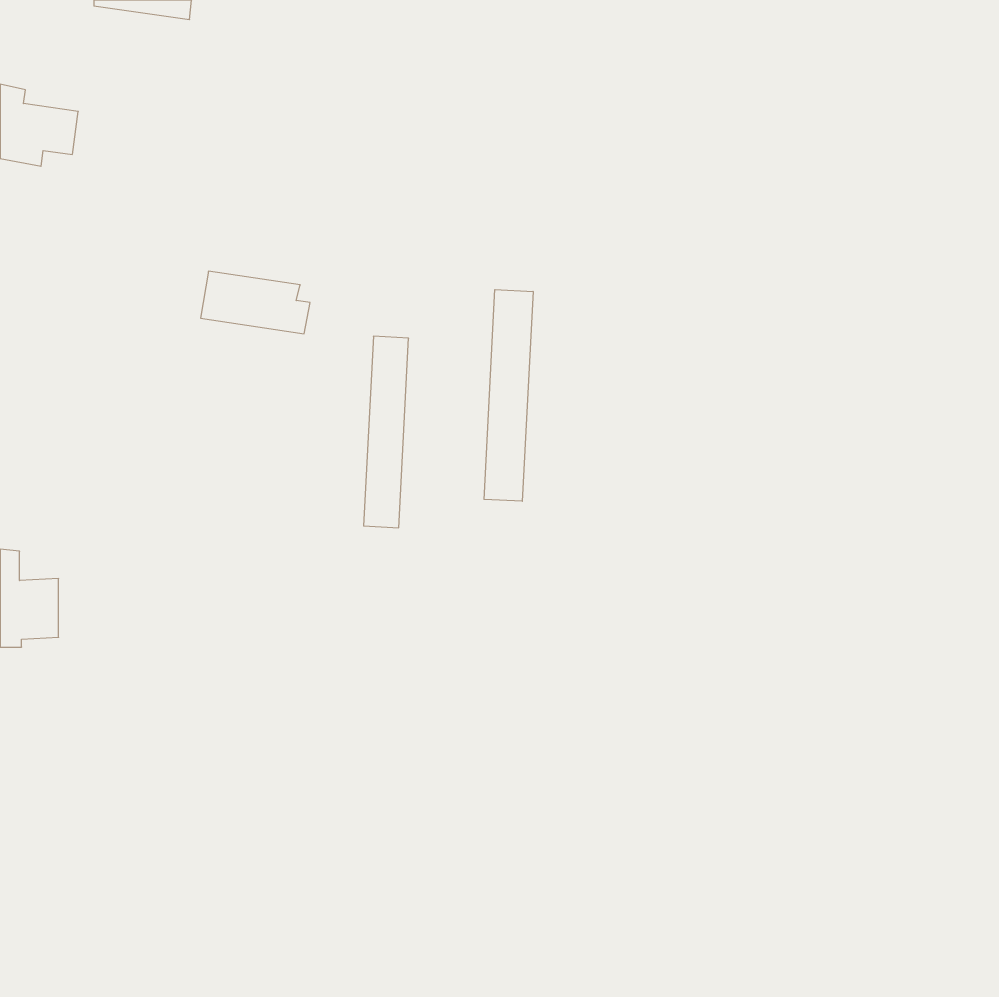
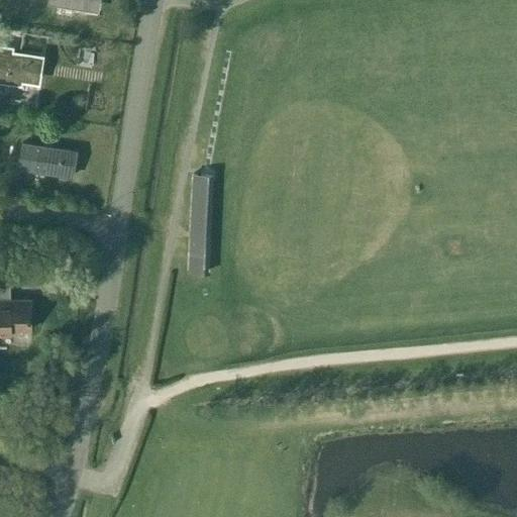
building: [201,271,310,334] -> [18,144,75,177]
building: [484,290,533,501] -> none

